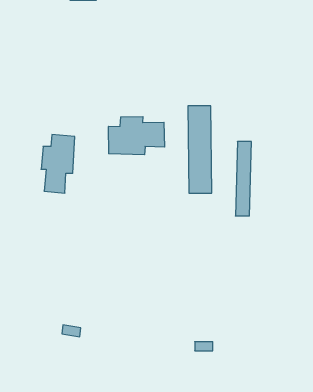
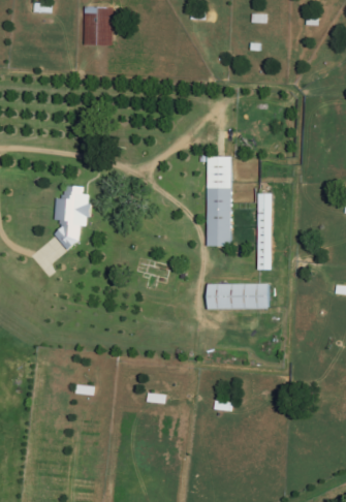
building: [109,117,164,155] -> none
building: none -> [207,283,269,310]

